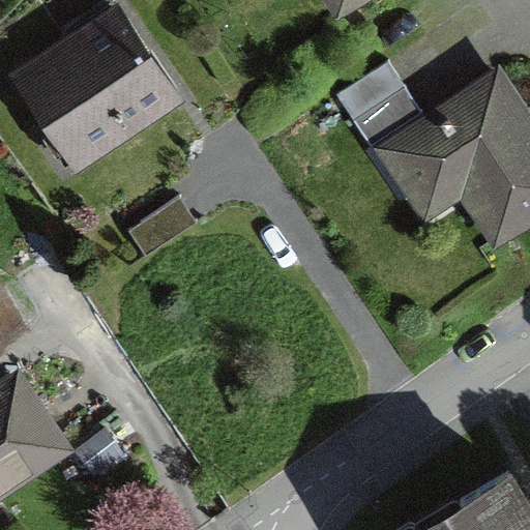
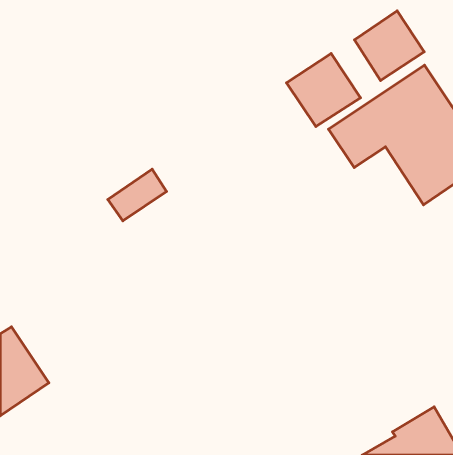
building: none -> [354,11,424,81]
building: [25,13,168,158] -> none

